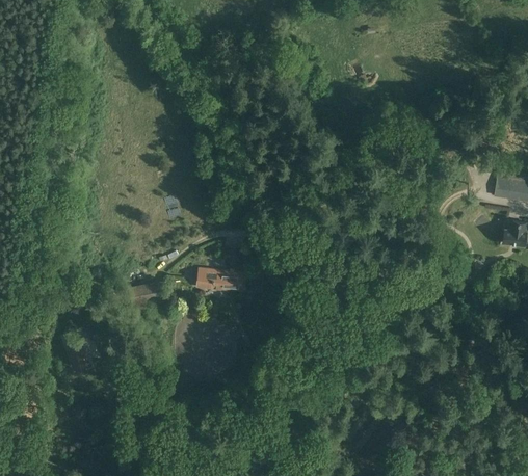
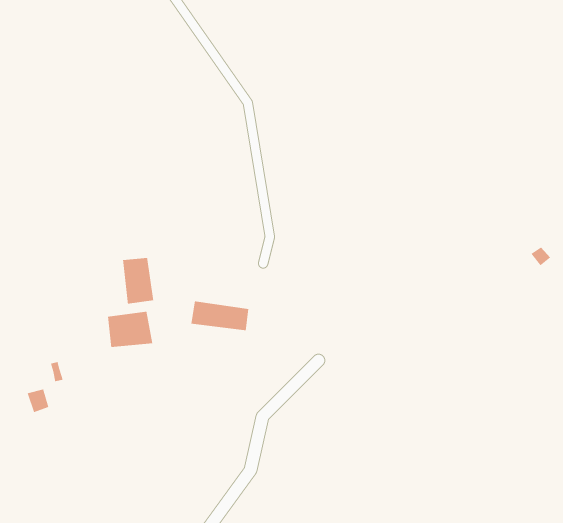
building: none -> [122,257,154,304]

